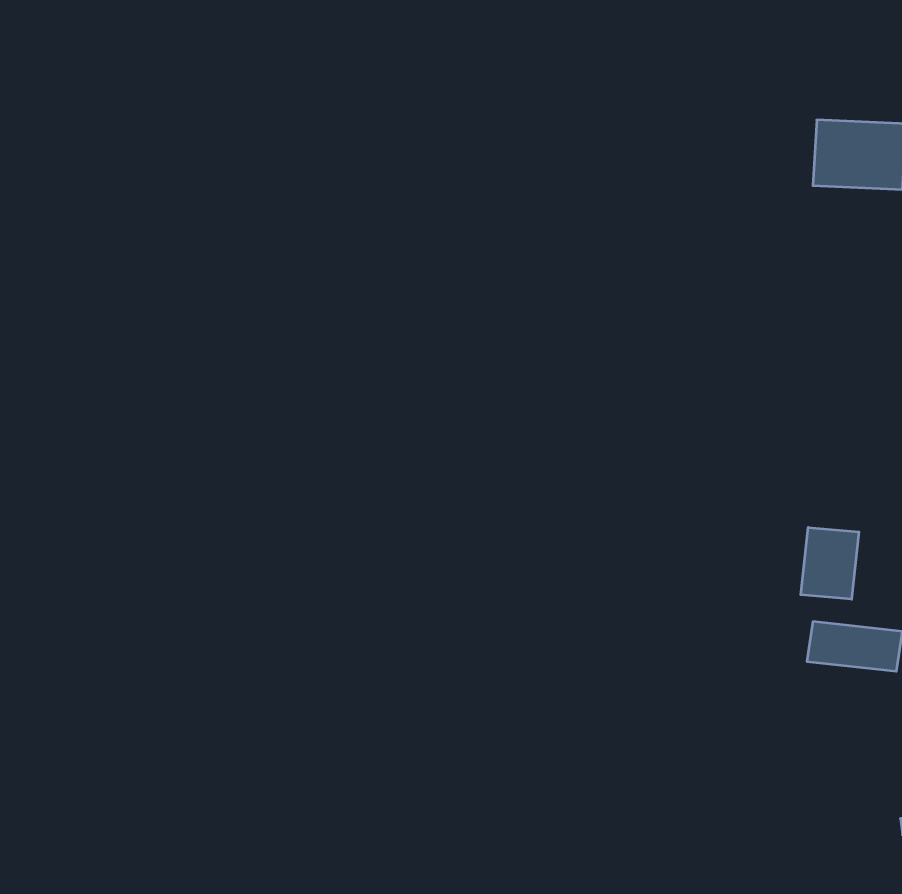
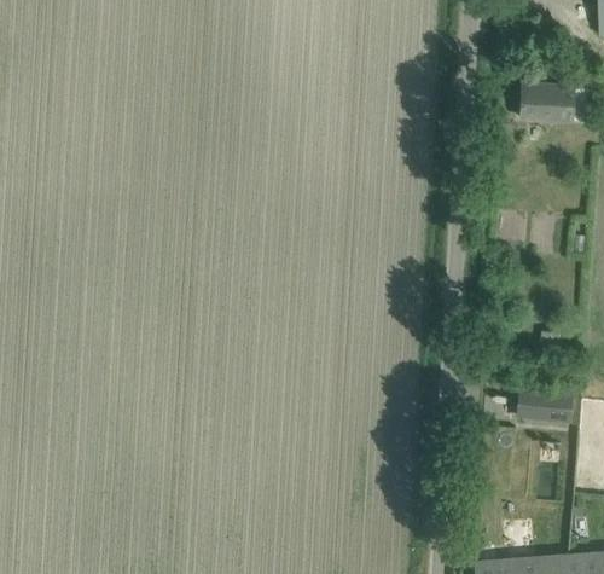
building: [801,527,859,599] -> none

